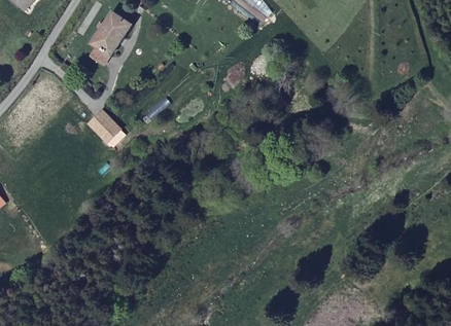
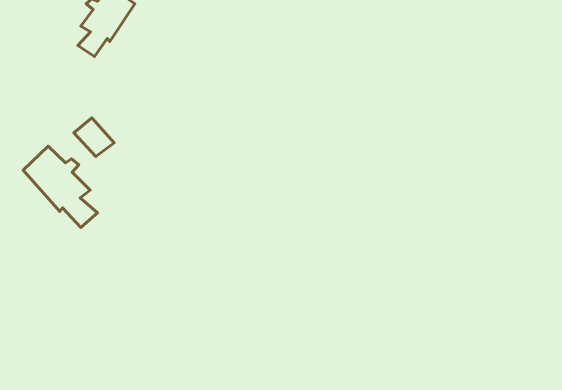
building: none -> [23,146,97,228]

